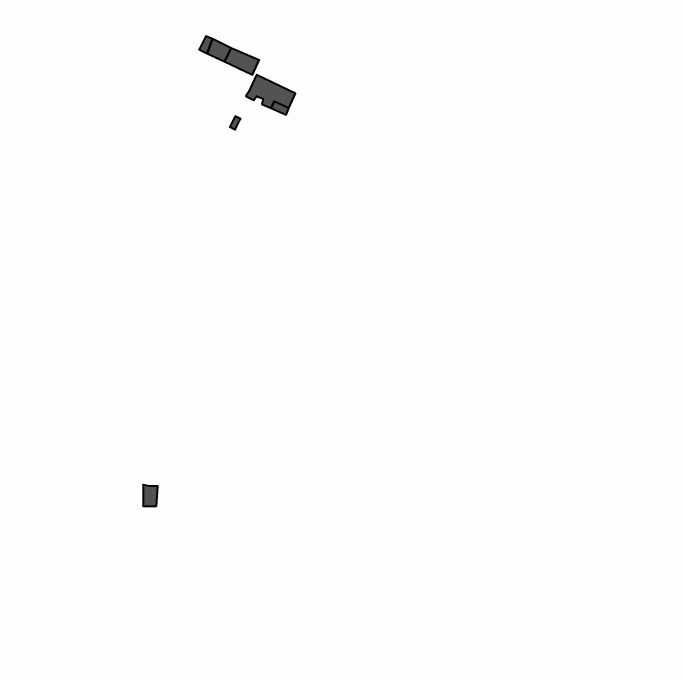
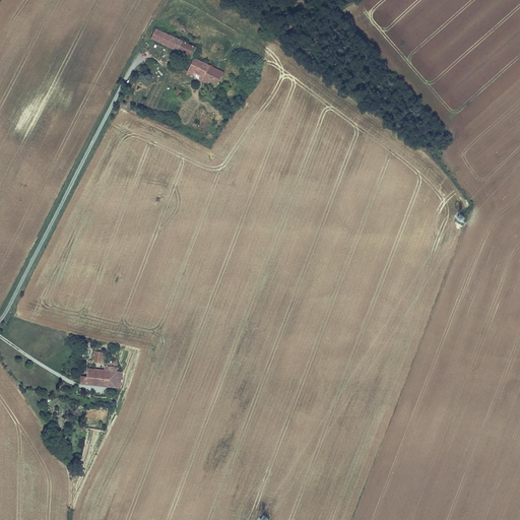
building: none -> [81,368,109,385]

